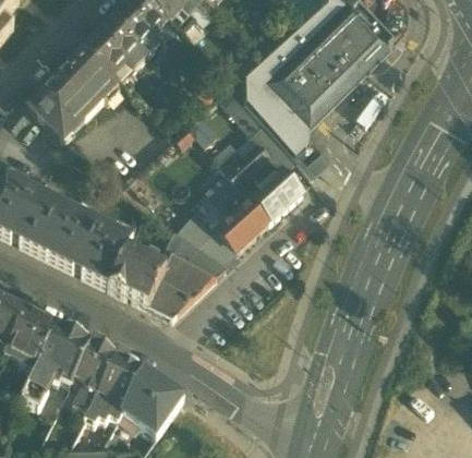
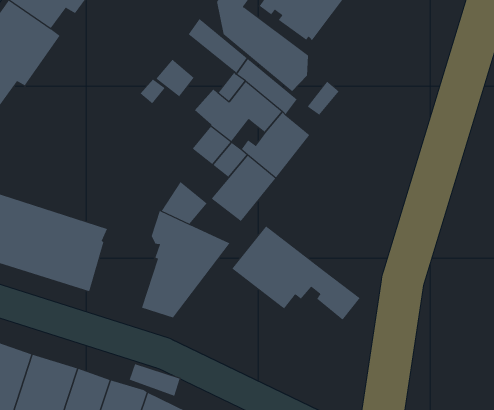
building: [199,225,240,260] -> none
building: [113,245,170,301] -> none
building: none -> [231,226,360,321]

